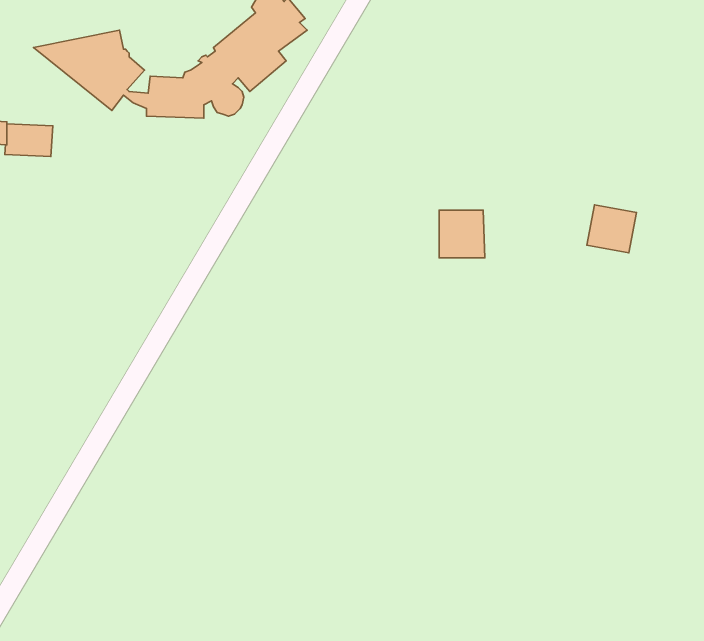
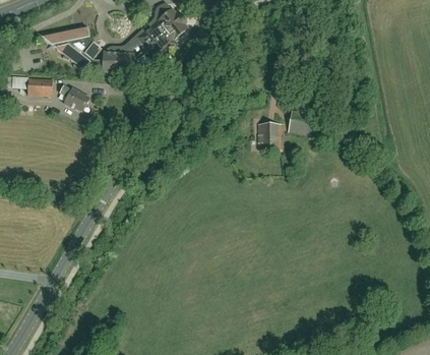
building: none -> [61,86,89,111]
building: [587,205,637,253] -> [288,109,314,134]

